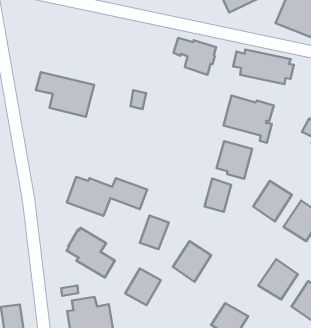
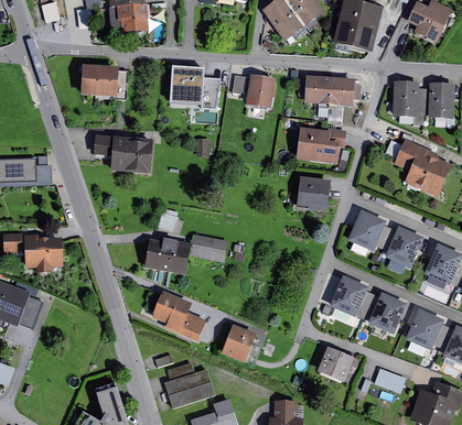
building: none -> [80,64,127,98]
building: none -> [168,65,217,109]
building: [204,178,231,212] -> none
building: [140,216,169,249] -> none
building: [173,241,211,282] -> [323,276,362,318]

